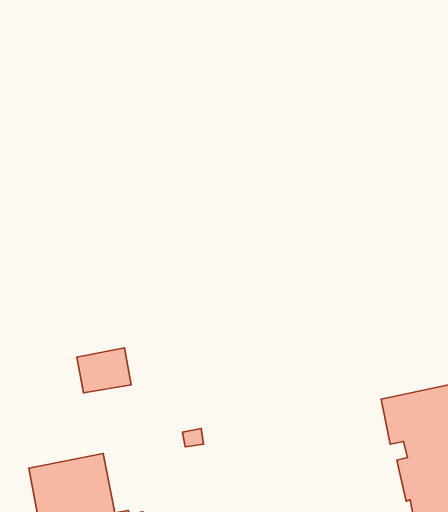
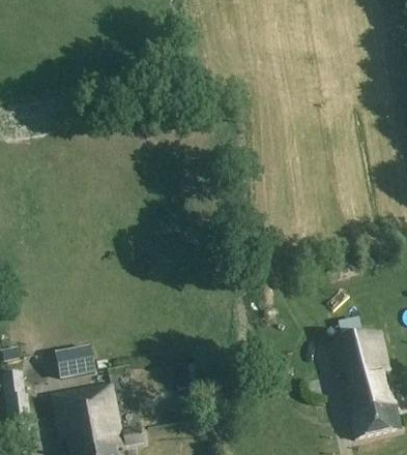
building: [77,348,131,393] -> [47,343,89,378]

